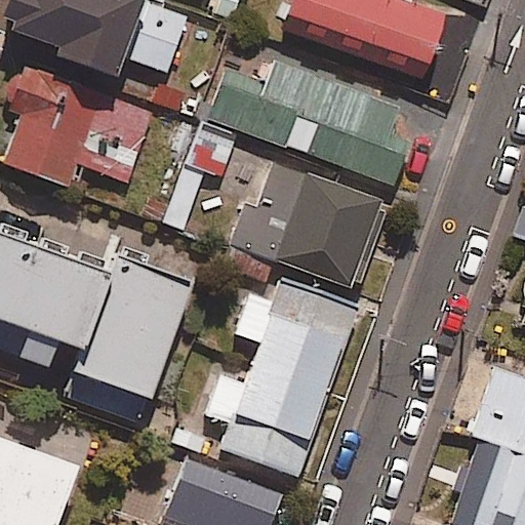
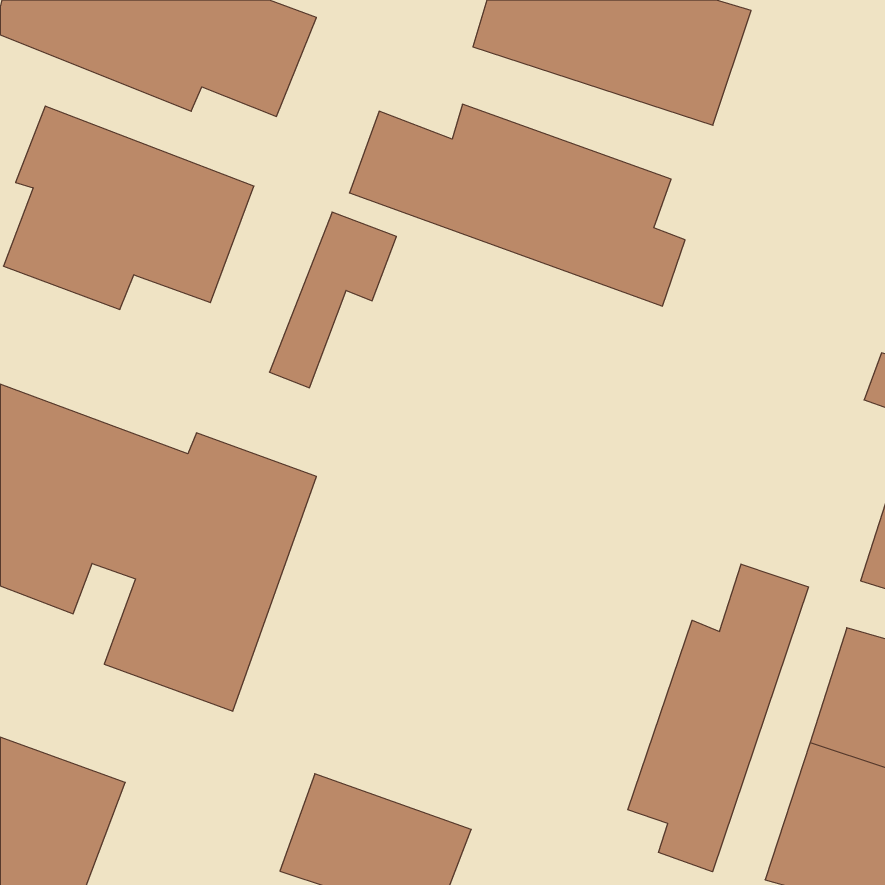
building: [221,161,388,287] -> none
building: [207,277,354,472] -> none
building: none -> [628,564,809,872]

